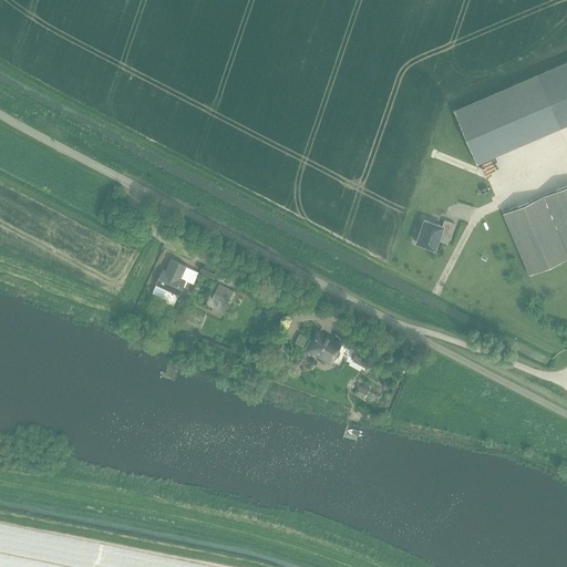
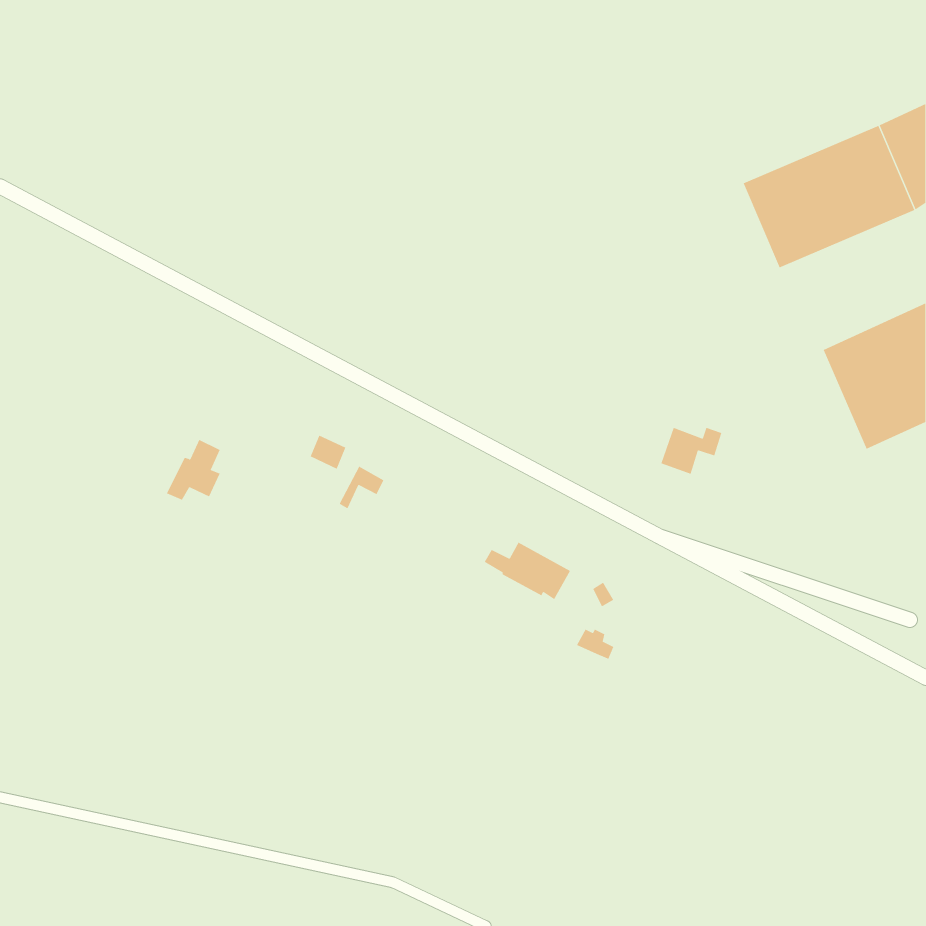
building: [416,220,454,249] -> [660,427,722,474]
building: [152,259,185,297] -> [166,439,221,501]

